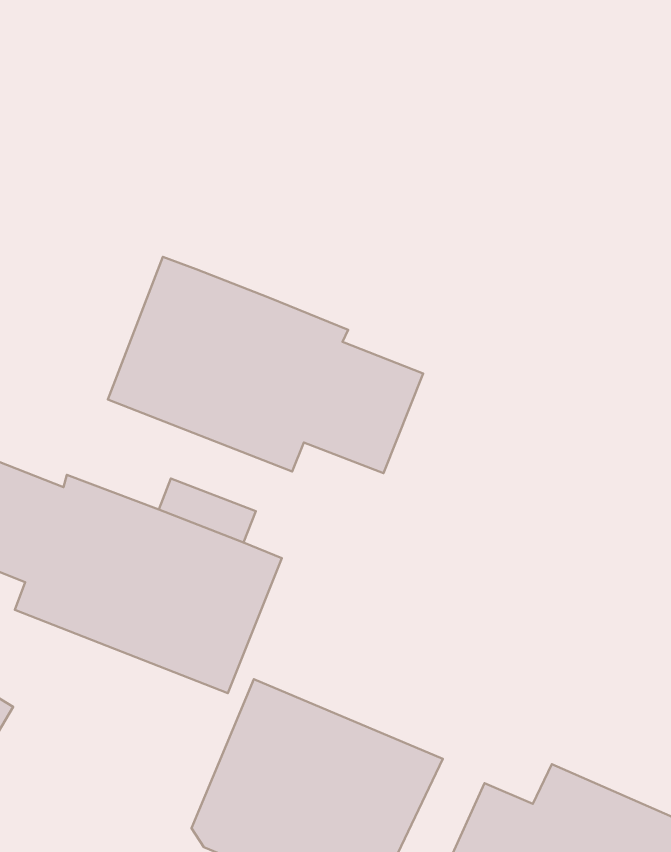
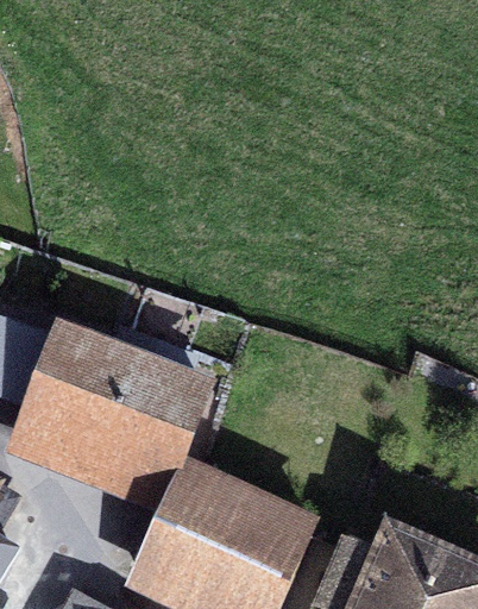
building: [108,257,423,473] -> none

